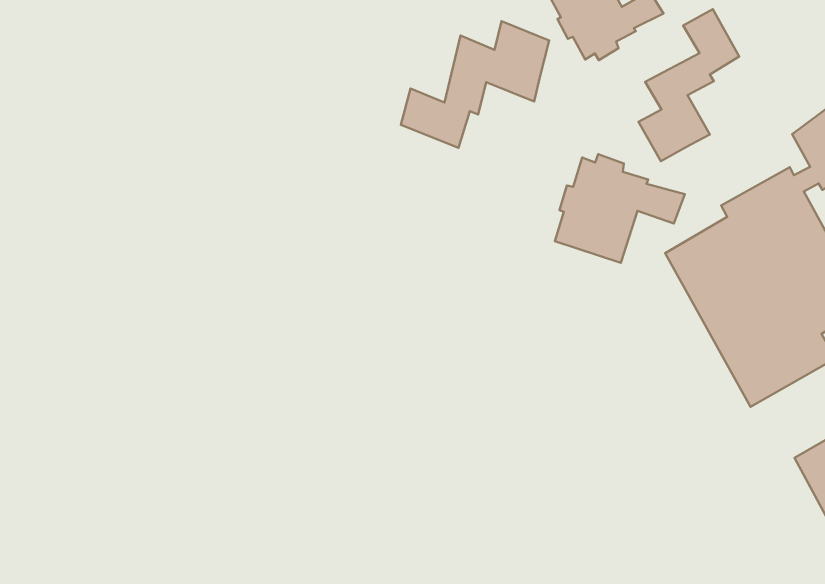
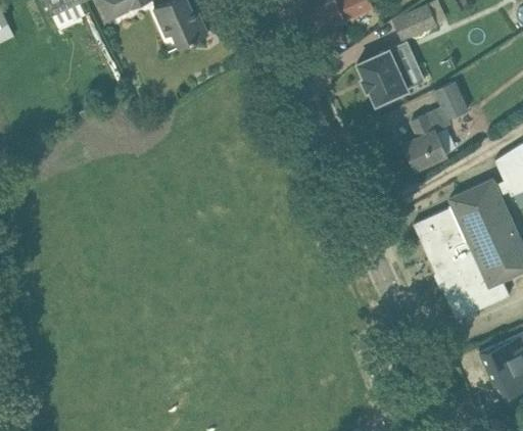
building: [401,21,549,148] -> none
building: [555,154,685,263] -> none

